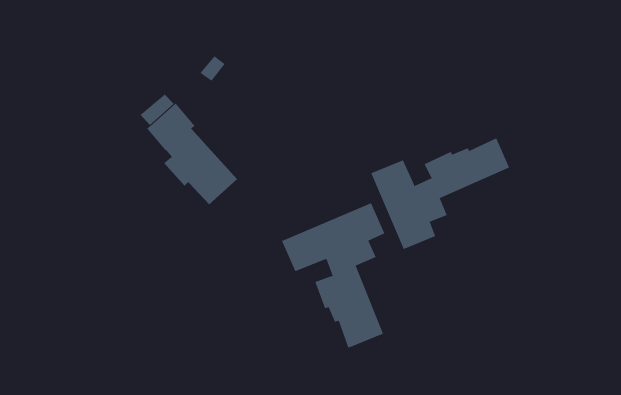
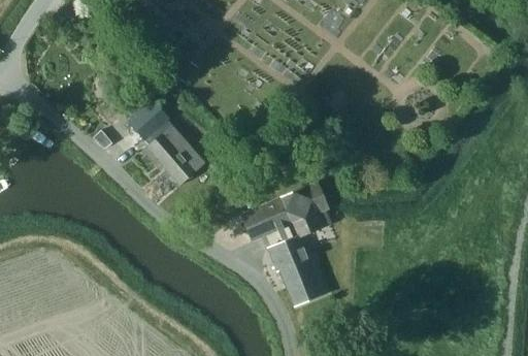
building: [371,137,510,250] -> none

